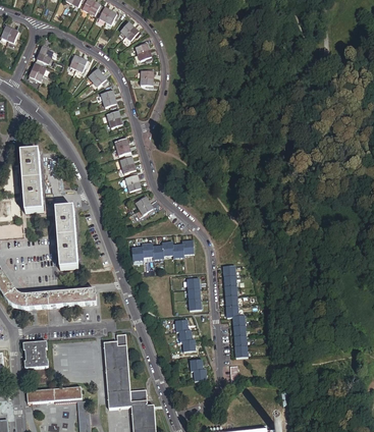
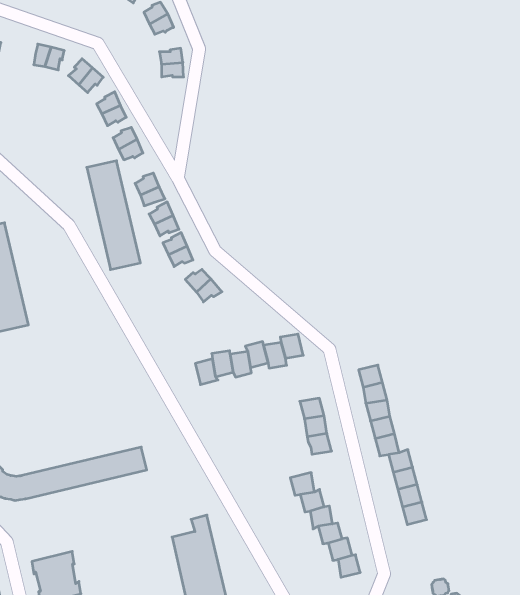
building: [55,208,76,268] -> [87,161,140,270]

